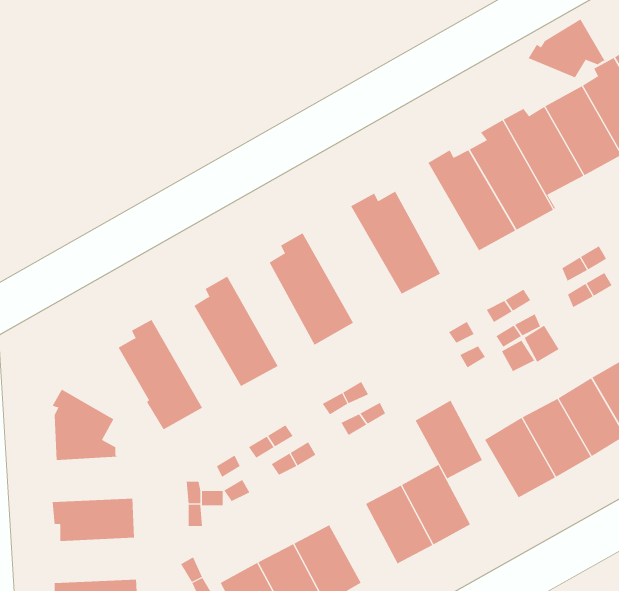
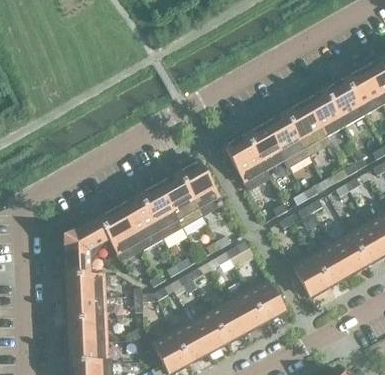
building: [528,19,606,78] -> none
building: none -> [245,119,289,178]
building: none -> [156,172,202,227]
building: none -> [116,195,163,249]
building: none -> [68,217,114,255]
building: [415,400,483,479] -> [210,300,246,342]
building: none -> [62,274,106,299]
building: none -> [64,318,108,342]

